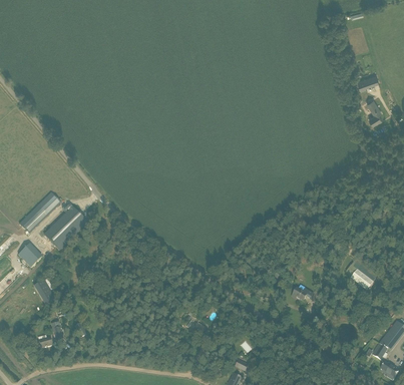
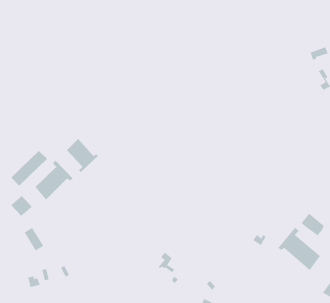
building: none -> [66,138,99,173]
building: none -> [277,227,321,271]

